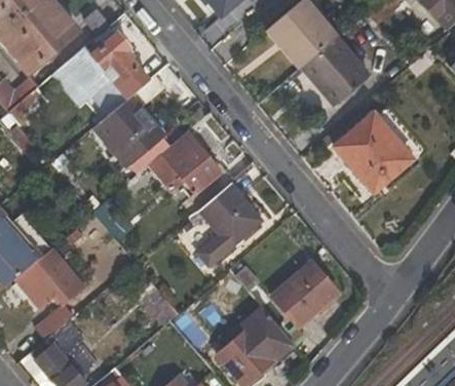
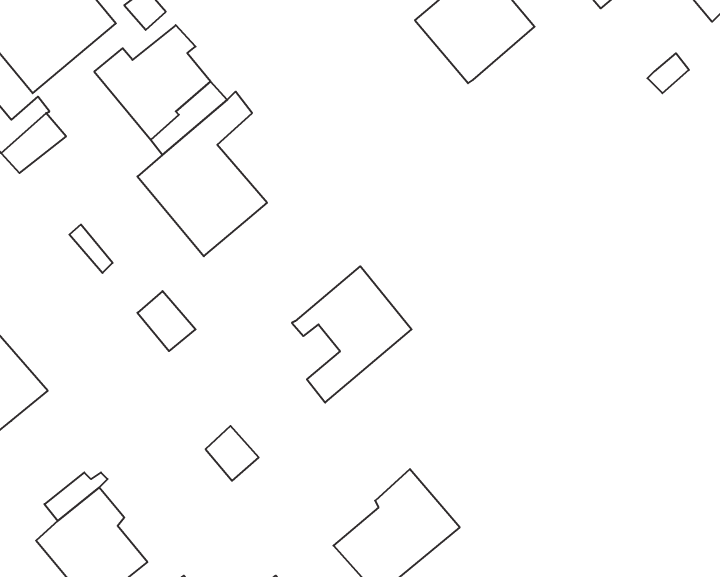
building: [300,34,371,106] -> none
building: [334,112,413,193] -> none
building: [159,130,230,216] -> none
building: [14,245,85,309] -> none
building: [270,262,338,327] -> none

